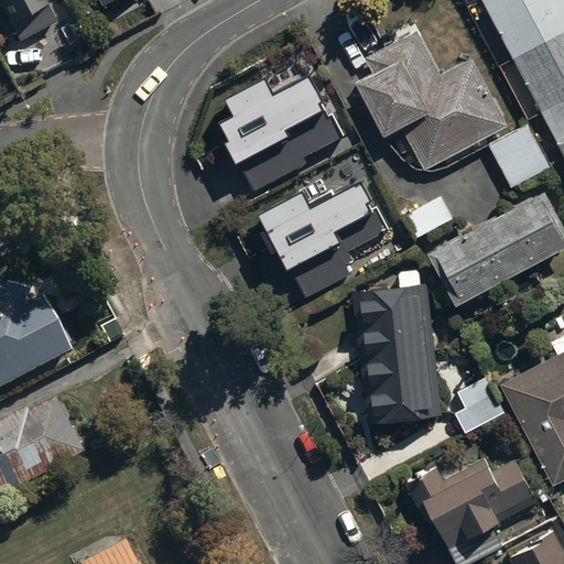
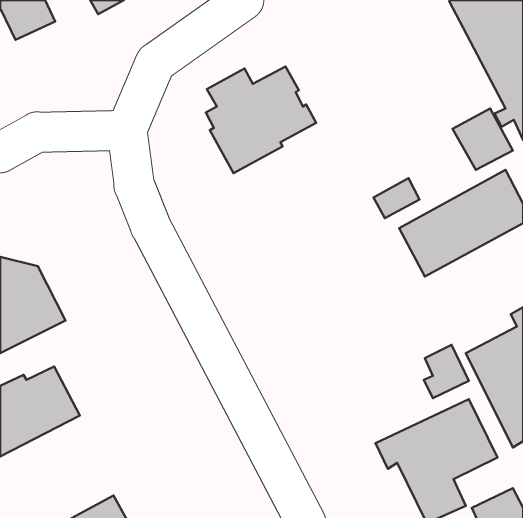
building: [356,32,508,171] -> none
building: [261,185,386,297] -> none
building: [352,269,442,423] -> none

